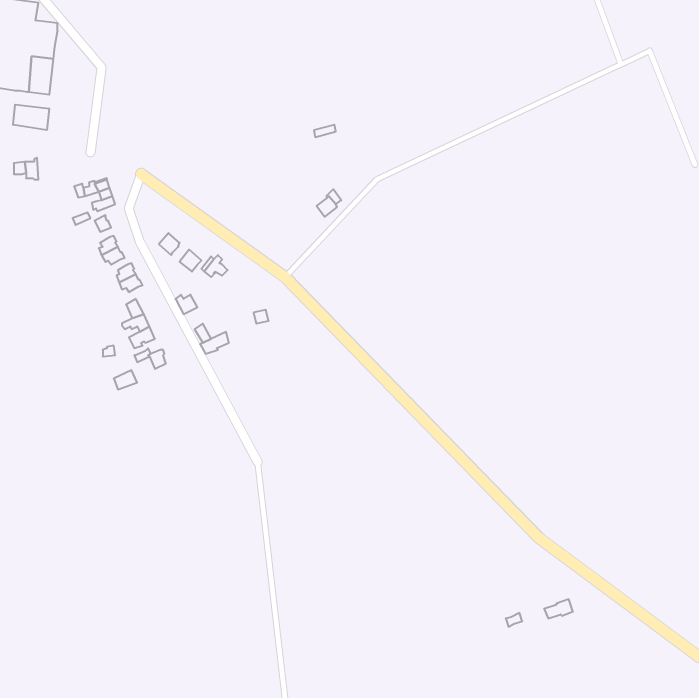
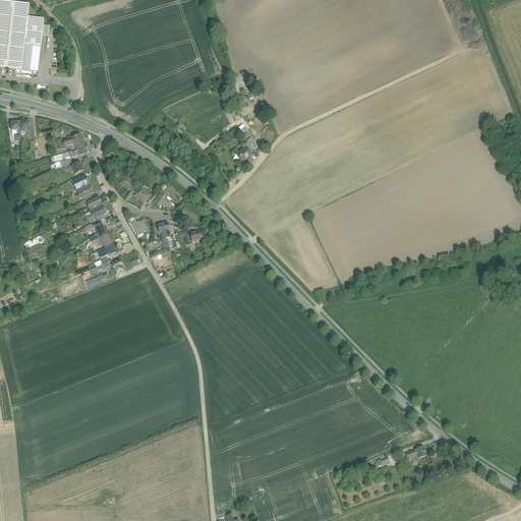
building: [13,105,49,130] -> none

